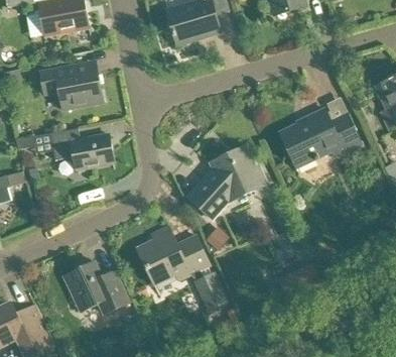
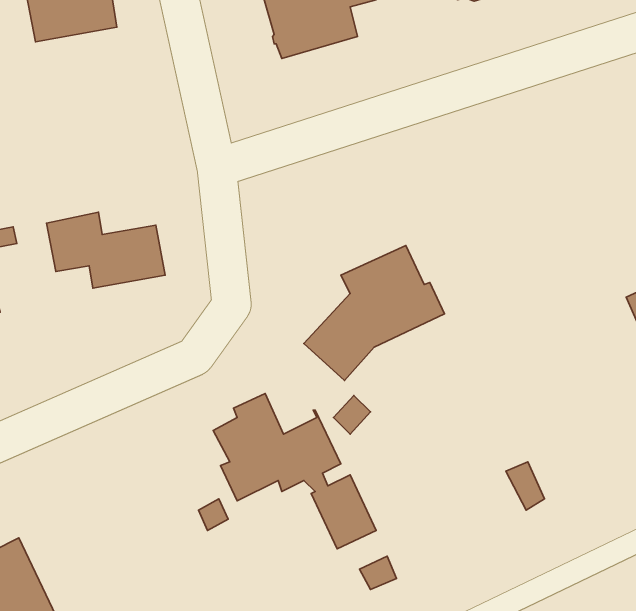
building: [39,61,103,109] -> none
building: [279,108,361,167] -> none
building: [63,261,128,314] -> none

